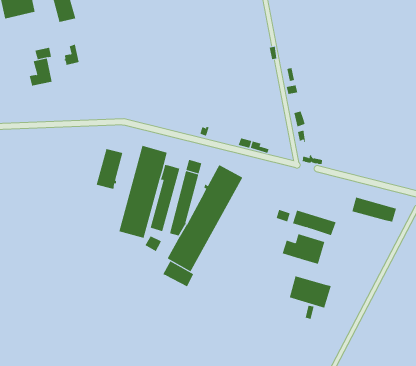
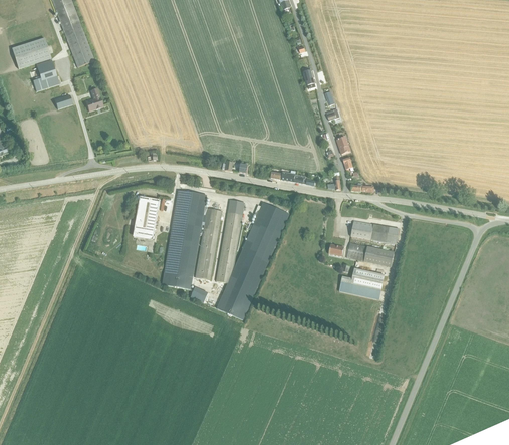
building: [29,58,53,86] -> [32,58,58,90]
building: [351,197,397,222] -> [350,220,399,243]
building: [163,261,194,287] -> none
building: [289,276,331,309] -> none

